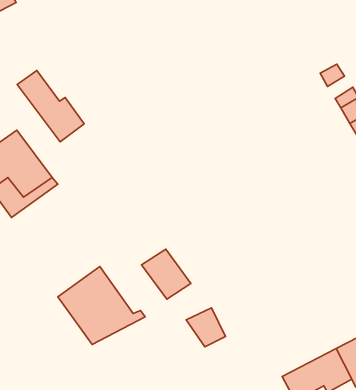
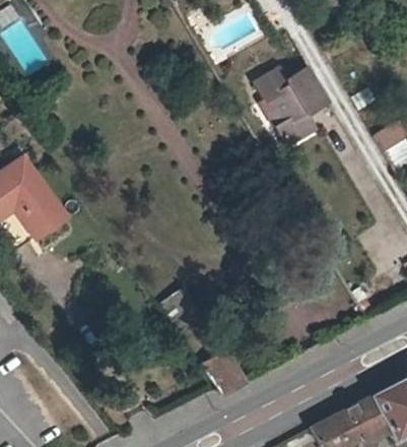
building: none -> [257,66,331,144]
building: [17,71,84,142] -> none
building: [58,266,145,344] -> none

